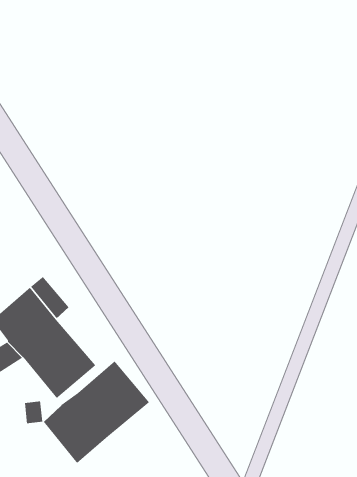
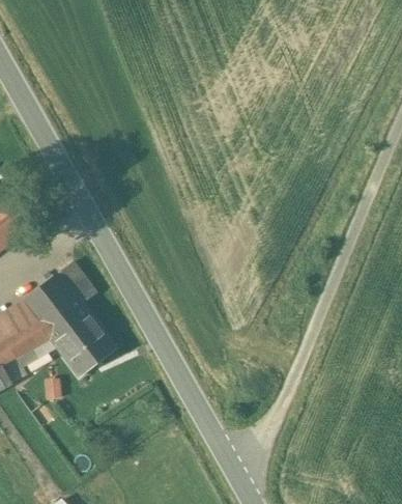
building: [43,361,150,464] -> none

